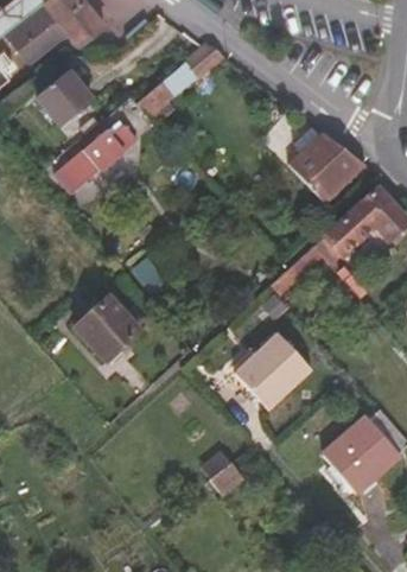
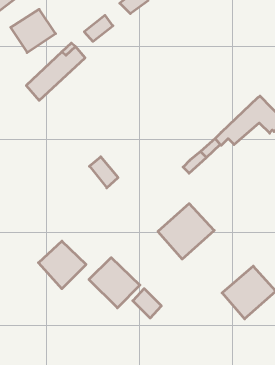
building: [292,129,365,203] -> none
building: [76,297,141,362] -> [38,241,86,289]
building: none -> [89,258,140,308]

